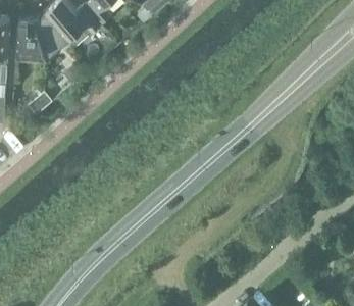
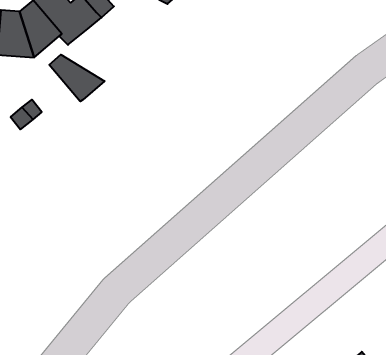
building: none -> [49,55,105,101]

